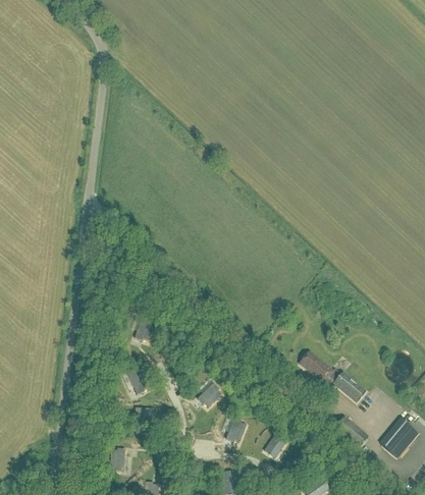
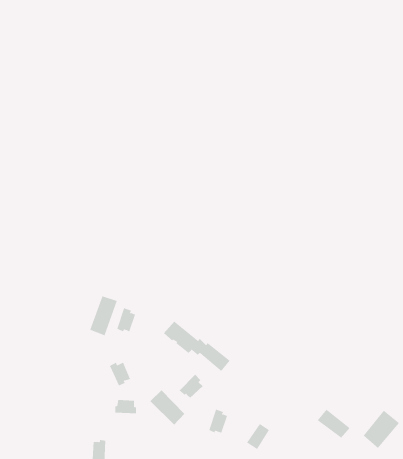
building: none -> [89,295,118,336]
building: [299,351,366,402] -> [163,321,231,372]
building: none -> [149,389,185,426]

